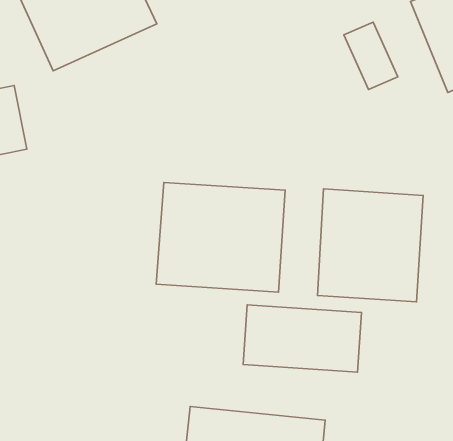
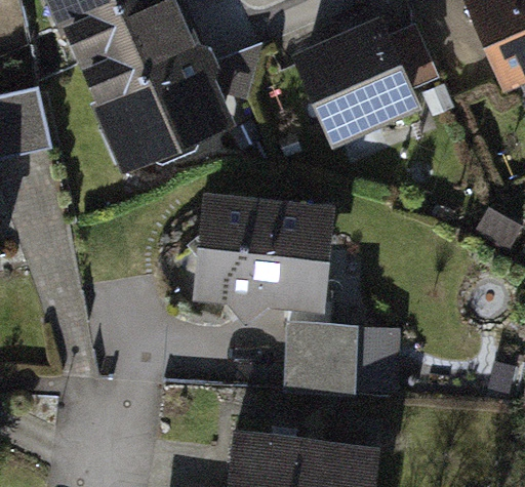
building: none -> [287,17,418,155]
building: none -> [85,28,239,175]
building: [318,189,423,302] -> none

